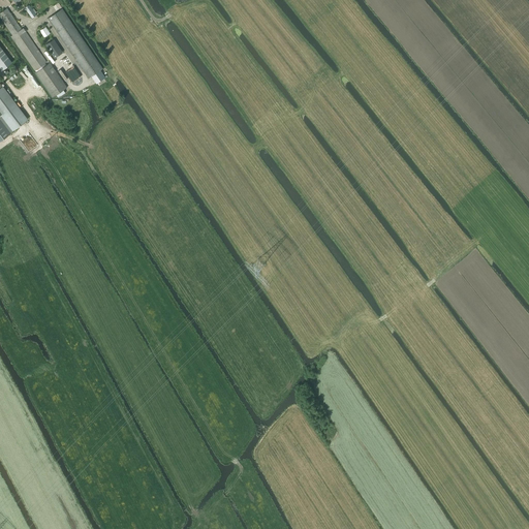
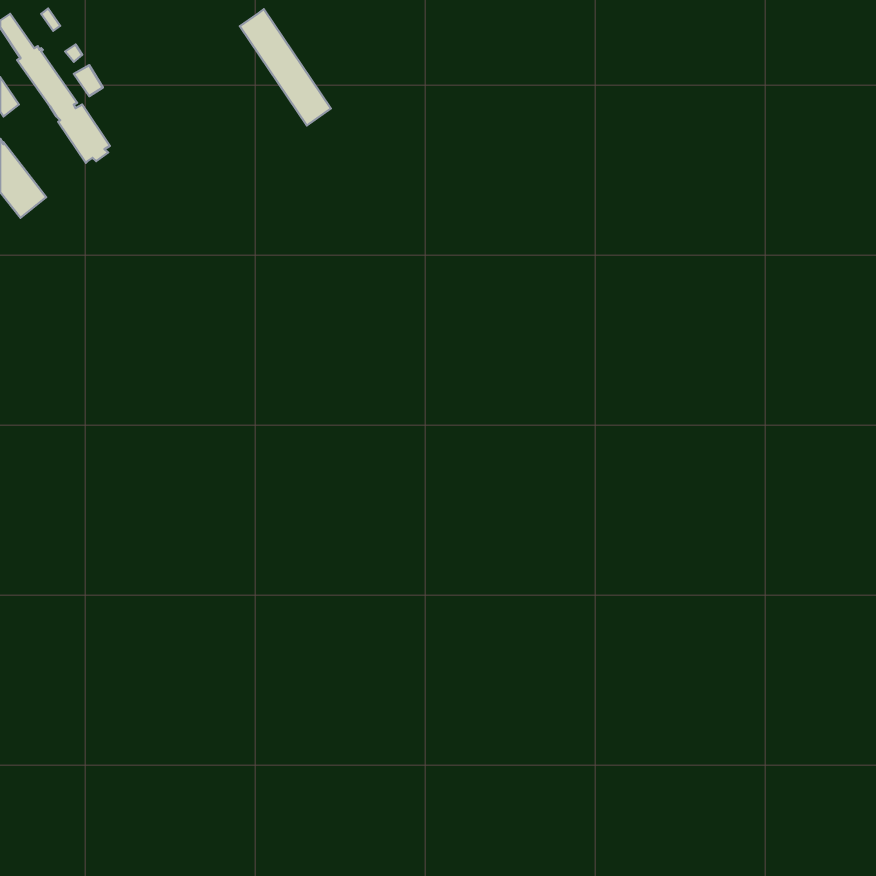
building: [48,8,102,79] -> [240,9,331,126]

